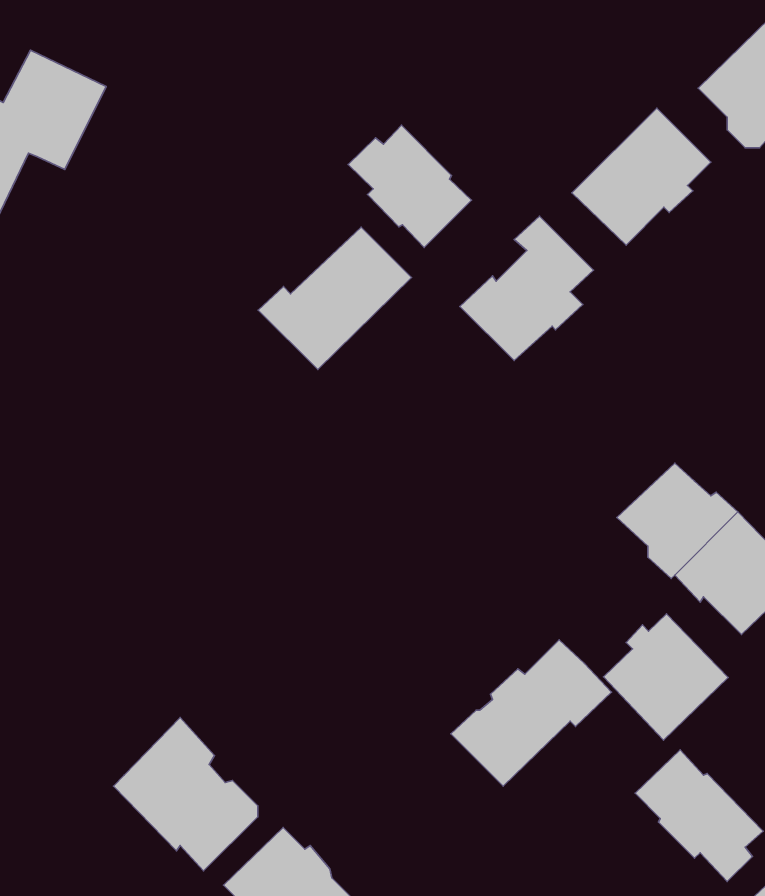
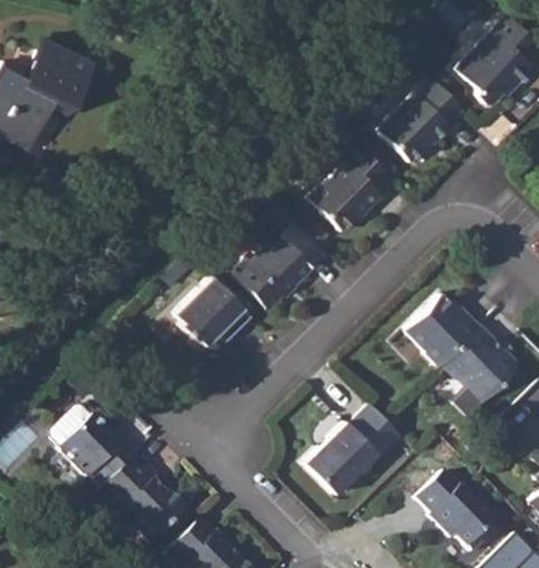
building: [348,125,472,248] -> none
building: [258,227,412,370] -> [233,221,327,308]
building: none -> [174,275,254,347]
building: [604,614,728,740] -> none
building: none -> [51,407,138,487]

